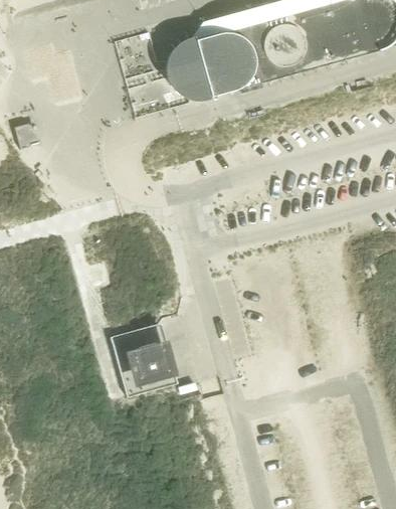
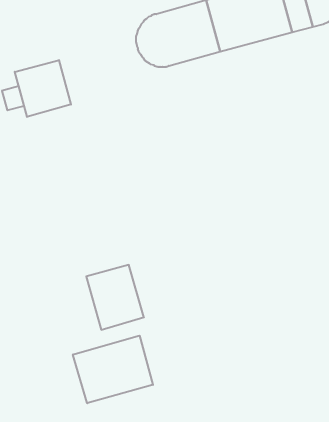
building: none -> [15,60,71,117]
building: none -> [73,336,153,403]

